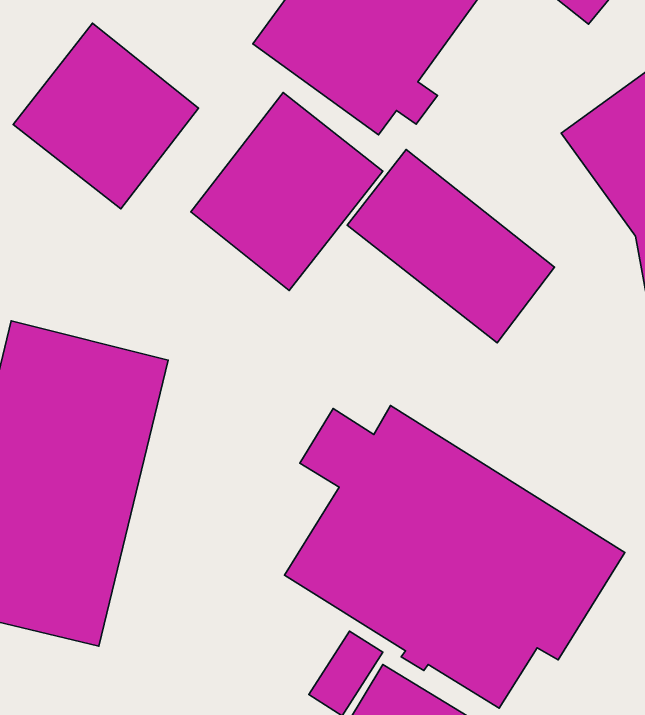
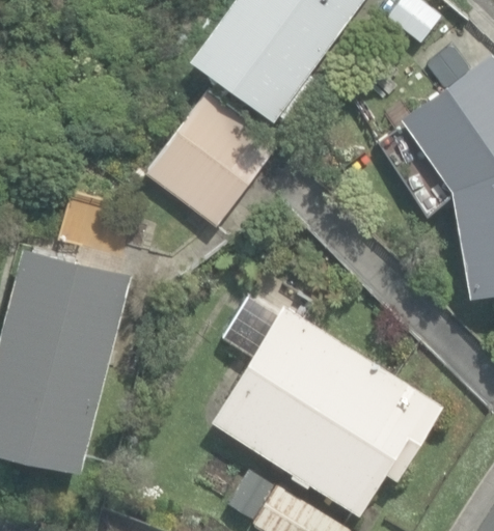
building: [13,23,199,209] -> none
building: [347,150,555,343] -> none

